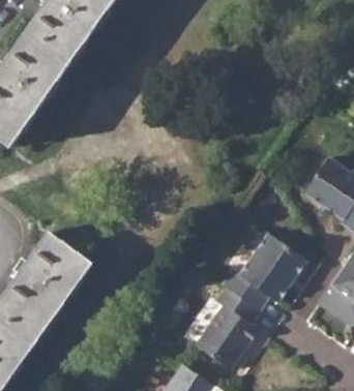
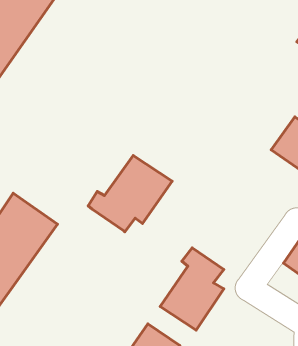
building: [223,234,307,310] -> [88,156,172,232]

